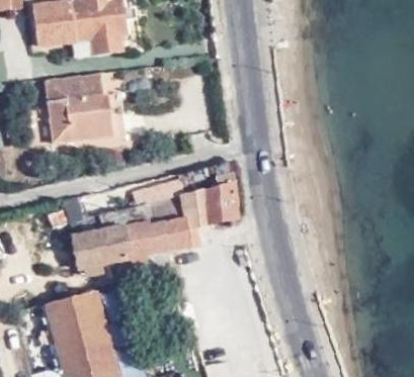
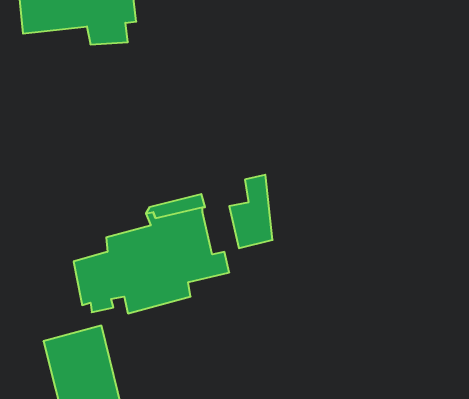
building: [49,74,114,144] -> none
building: [180,189,211,229] -> none

